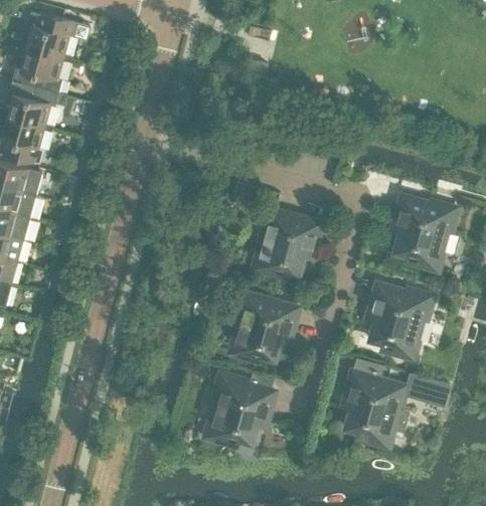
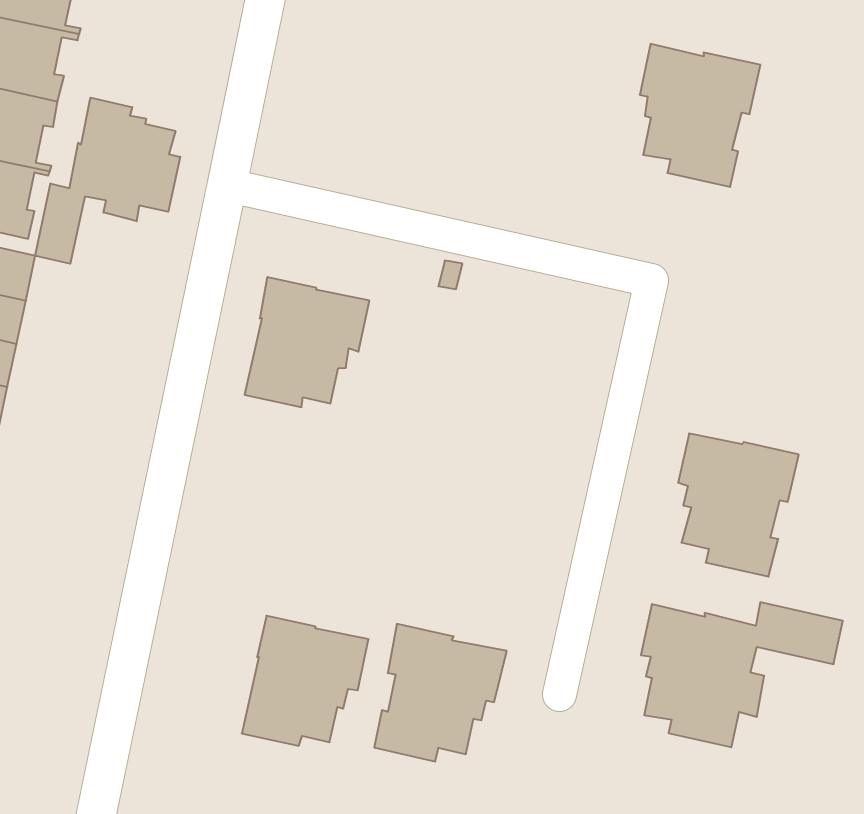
building: none -> [35,98,180,264]
building: [394,194,458,271] -> [640,44,760,187]
building: [255,207,322,276] -> [245,277,369,407]
building: [230,292,299,360] -> [242,616,369,746]

